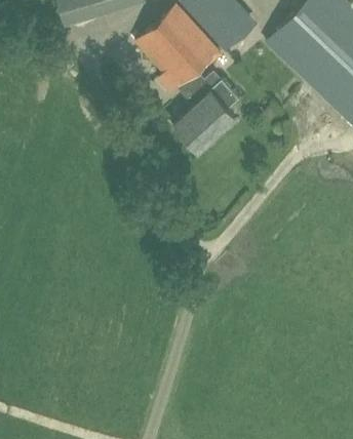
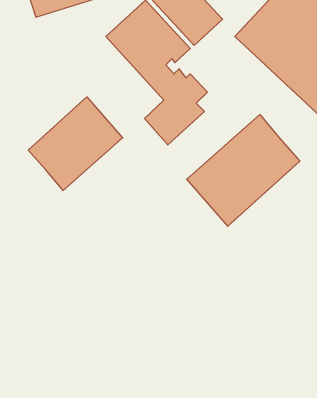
building: none -> [28,97,123,190]
building: none -> [187,115,300,226]

